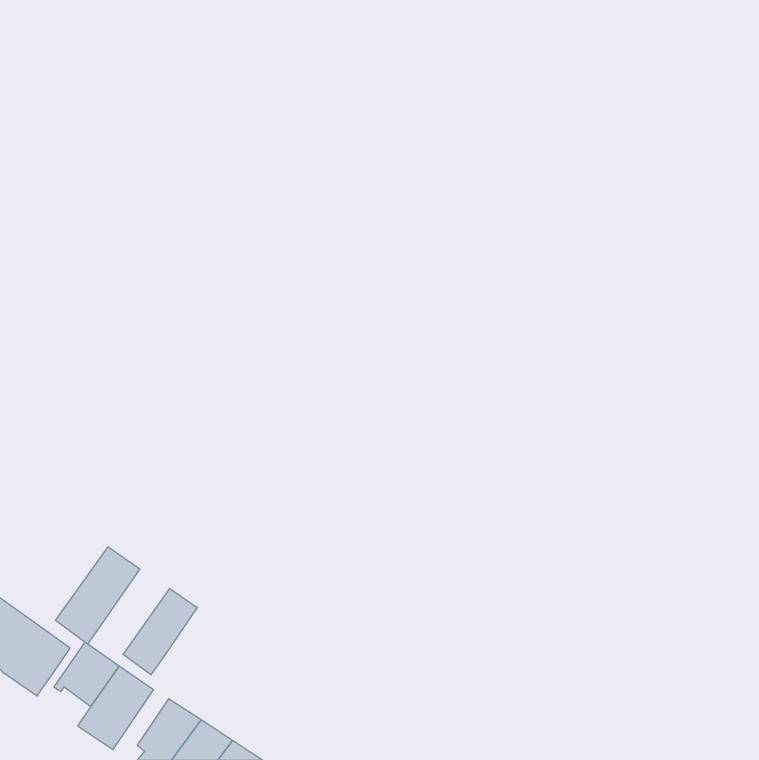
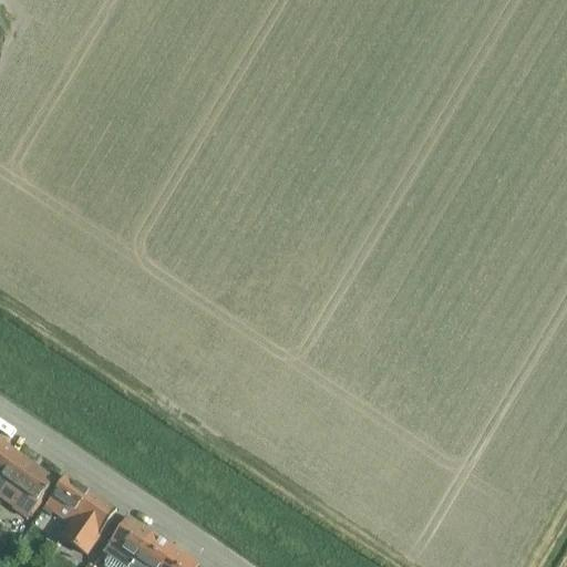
building: [55,547,140,644] -> none
building: [123,588,197,675] -> none

